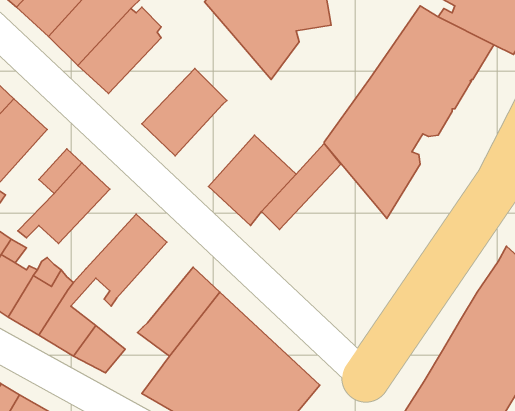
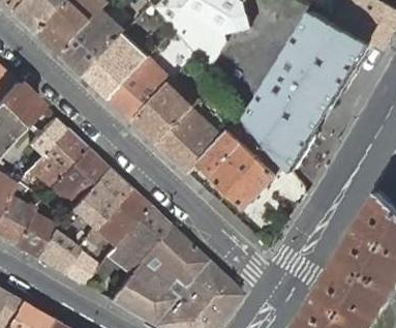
building: none -> [85,34,149,98]
building: none -> [134,84,193,145]
building: none -> [212,128,287,209]
building: none -> [48,147,105,206]
building: none -> [85,186,148,246]

